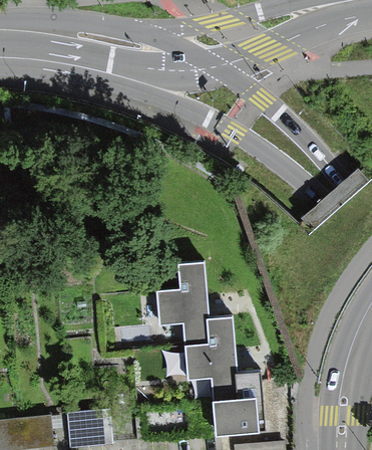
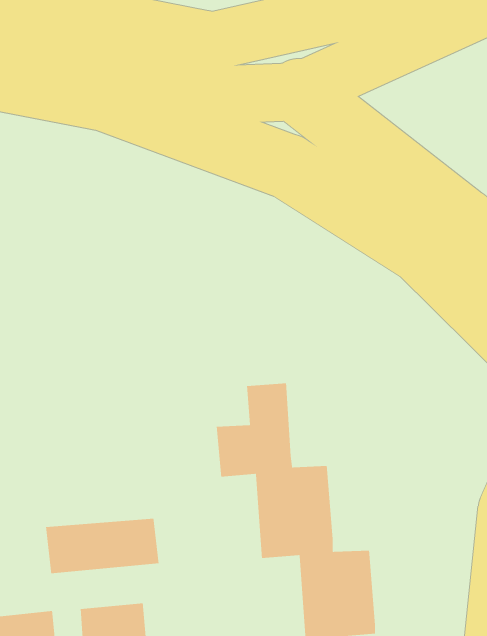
building: none -> [45,518,159,574]

